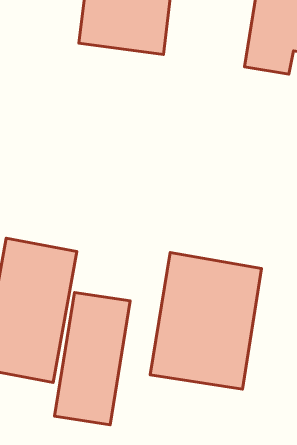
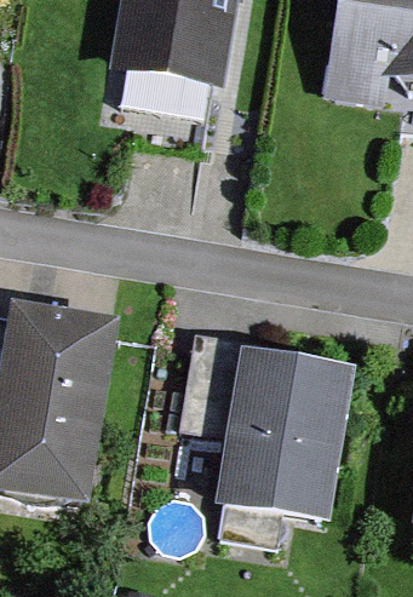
building: [54,292,130,425] -> none

